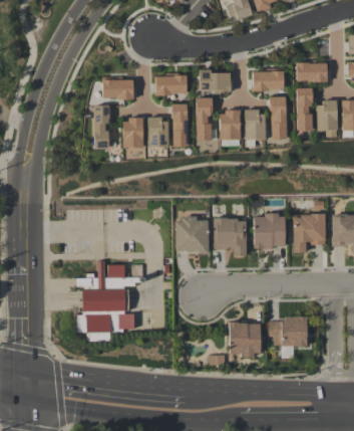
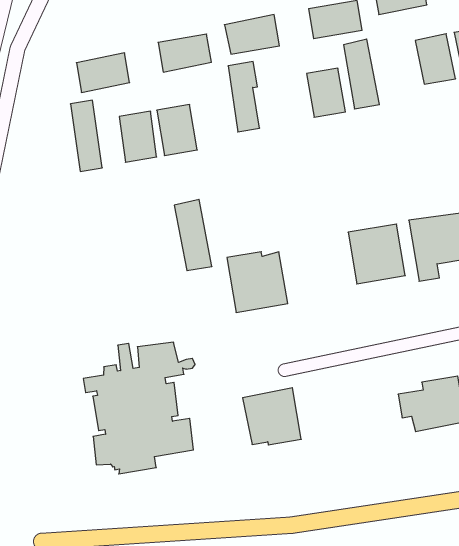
building: [296,87,313,132] -> none
building: [171,103,189,147] -> [174,199,212,271]
building: [220,112,241,140] -> none
building: [214,219,247,256] -> none
building: [229,322,261,356] -> [243,388,301,445]

